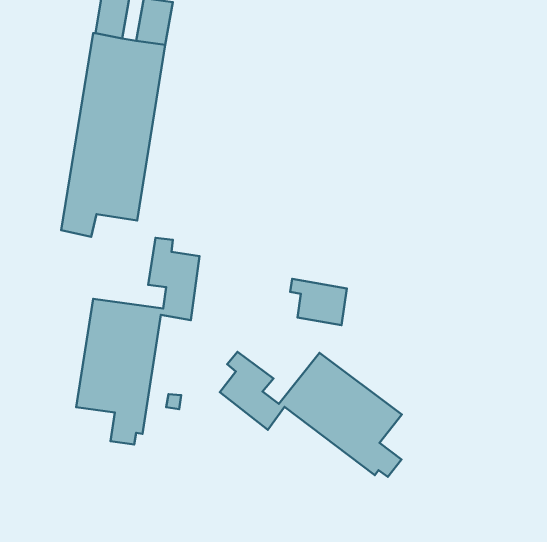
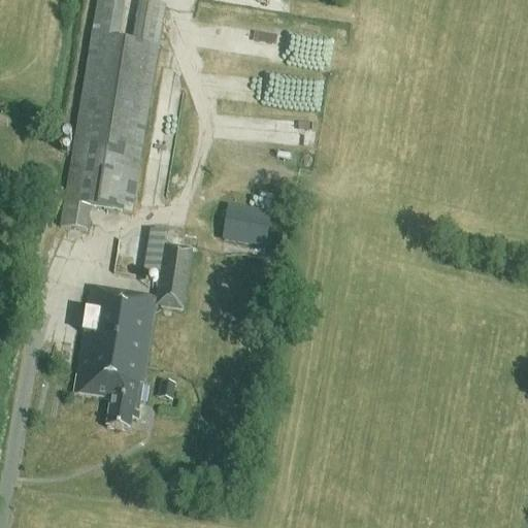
building: [290,279,347,325] -> [217,201,271,245]
building: [220,352,402,477] -> none

